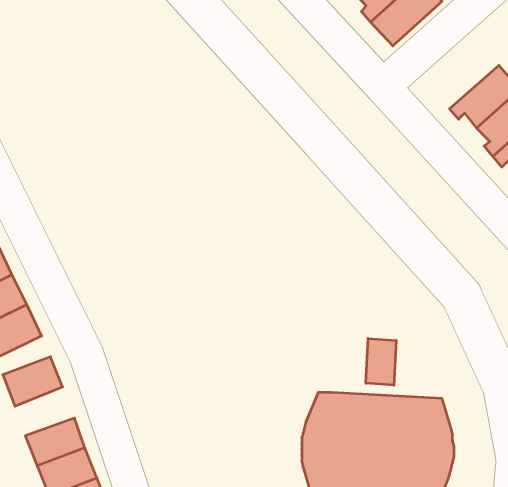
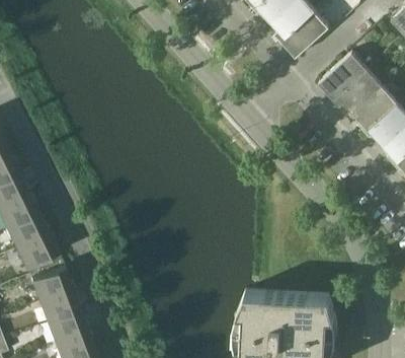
building: none -> [320,52,369,98]
building: [366,338,396,385] -> none
building: none -> [41,287,81,320]

